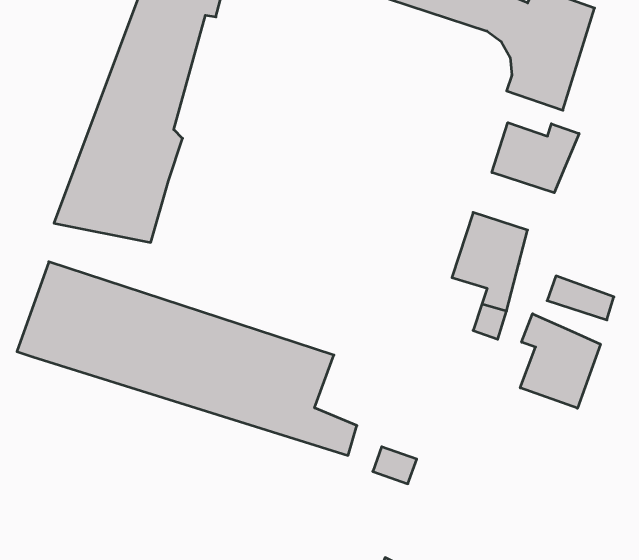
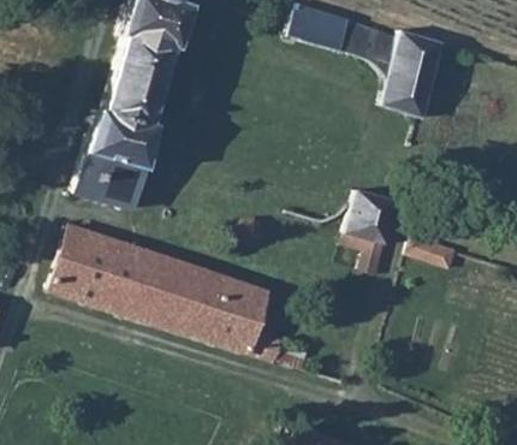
building: [492,123,579,193] -> none
building: [520,314,600,408] -> none

